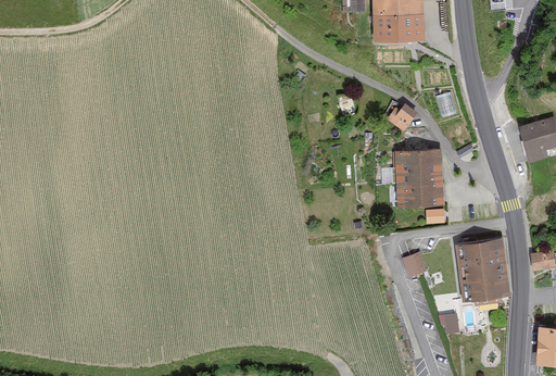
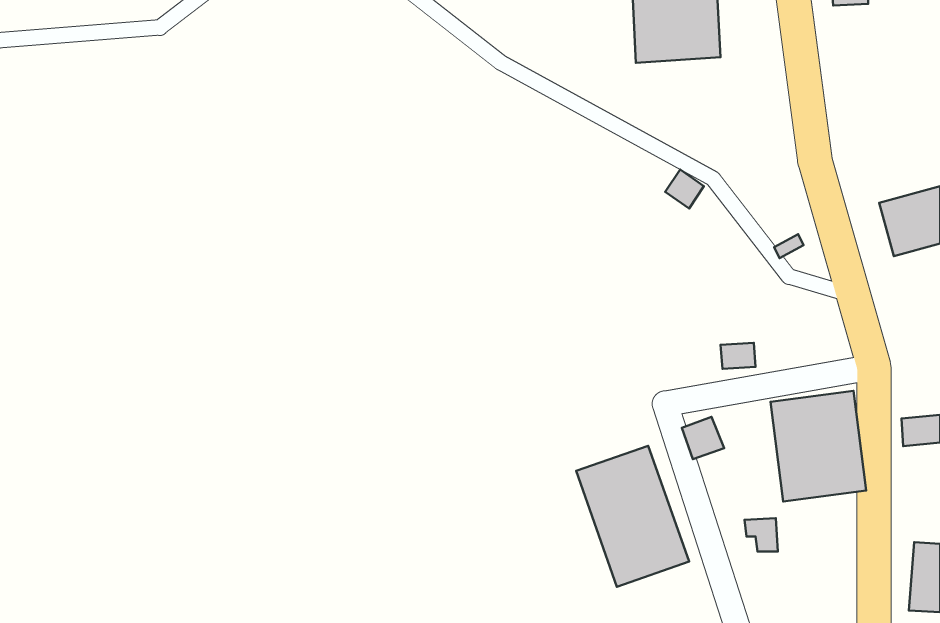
building: [393,148,443,206] -> none
building: none -> [576,446,689,587]

